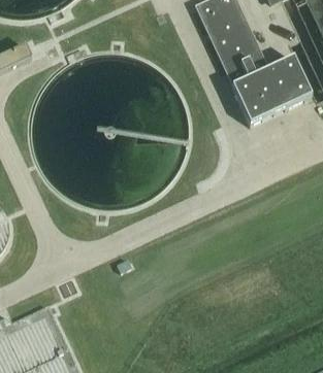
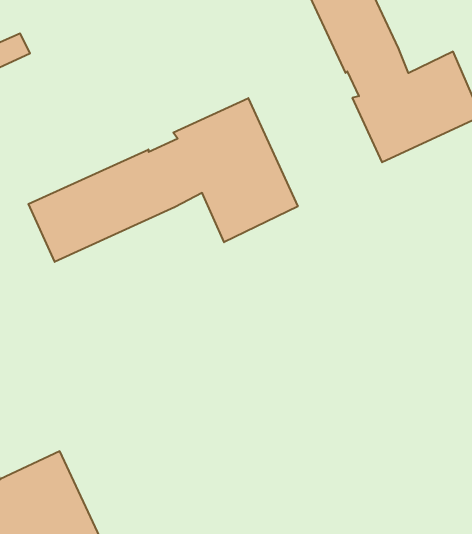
building: none -> [28,98,298,262]

